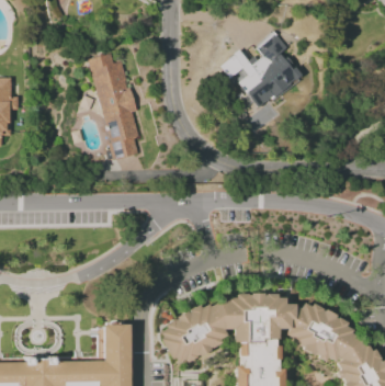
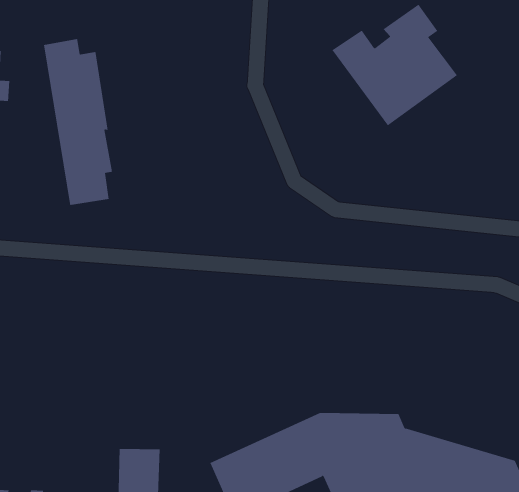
building: [90,53,139,159] -> [43,38,113,205]

